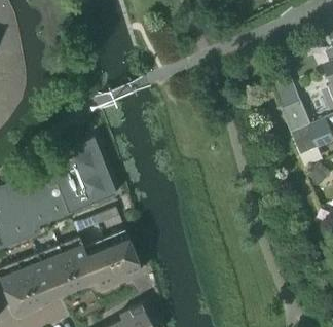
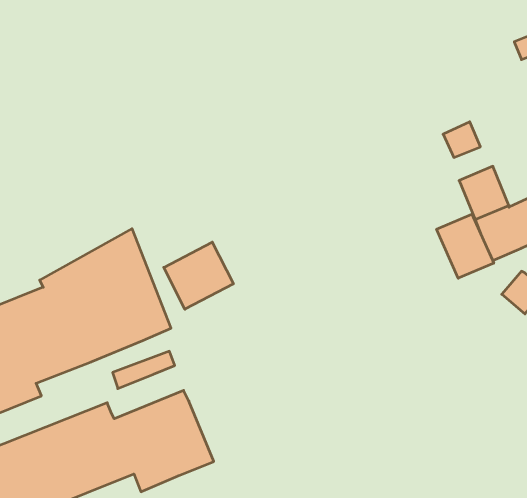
building: none -> [437,214,494,278]
building: none -> [164,242,233,309]

